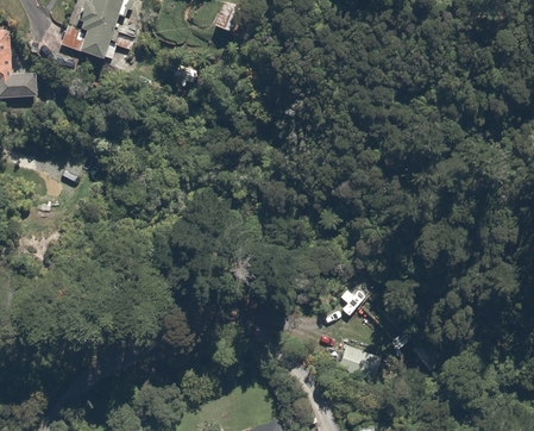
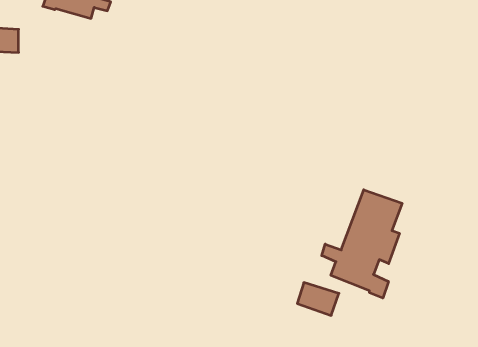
building: none -> [322,190,402,298]

